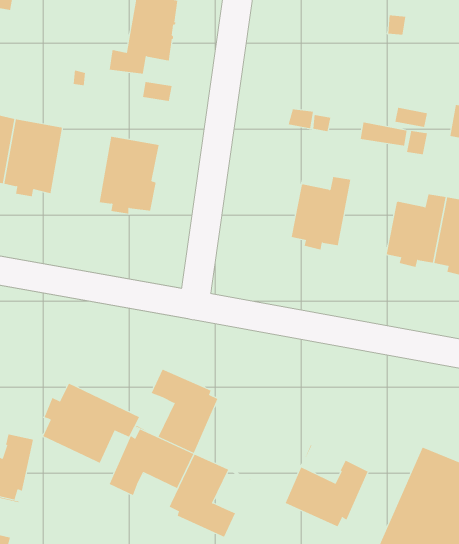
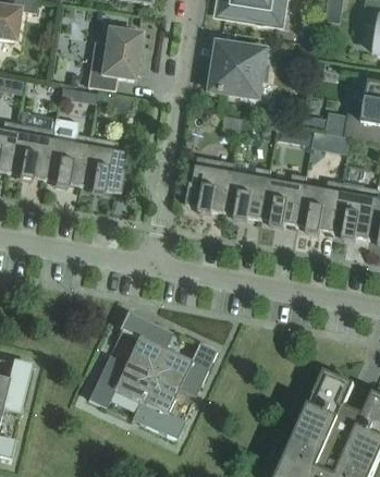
building: none -> [210,42,269,97]
building: none -> [44,118,88,188]
building: none -> [185,156,234,215]
building: none -> [260,169,306,229]
building: [42,383,140,470] -> none
building: [285,444,368,529] -> [151,331,214,395]

